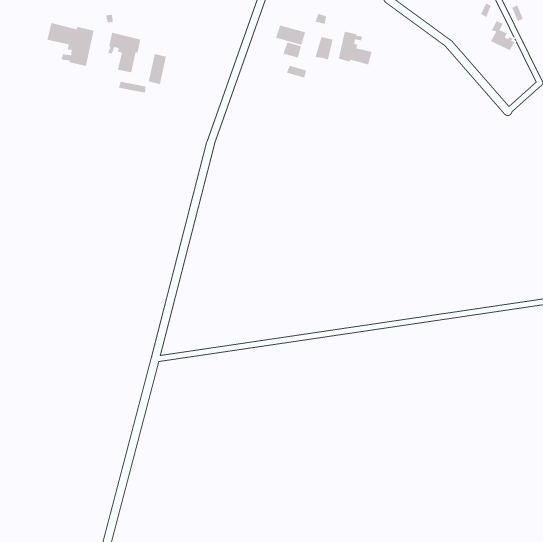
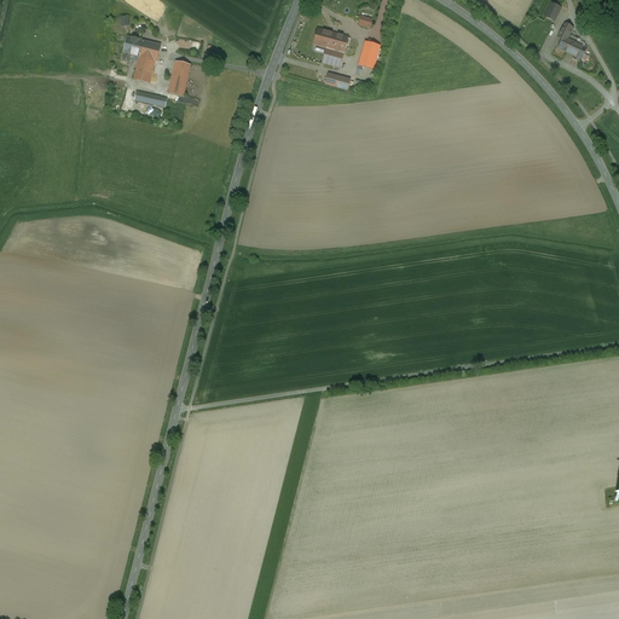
building: [46,22,94,67] -> none
building: [338,31,373,65] -> none

